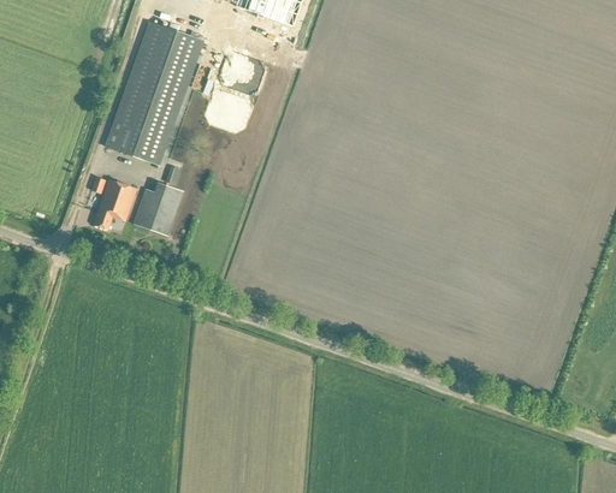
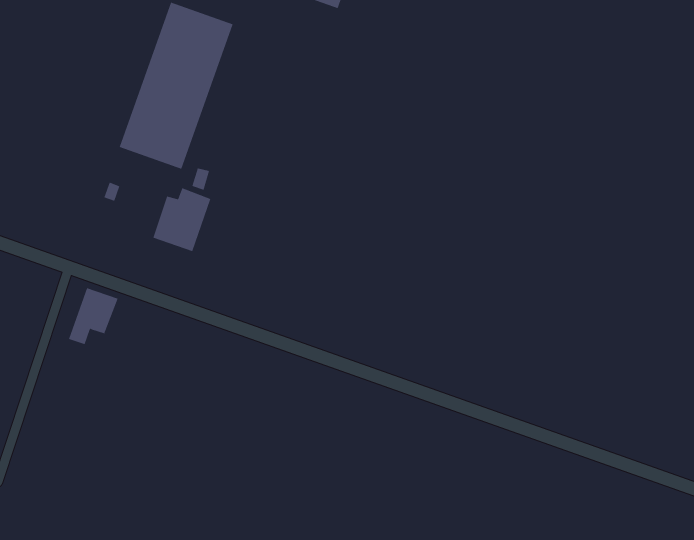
building: [93,179,136,228] -> [68,287,119,345]

